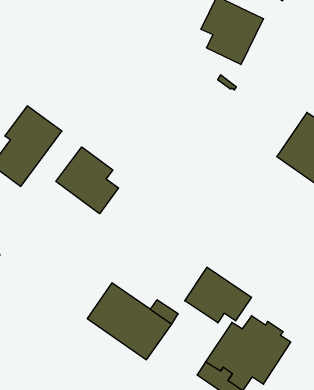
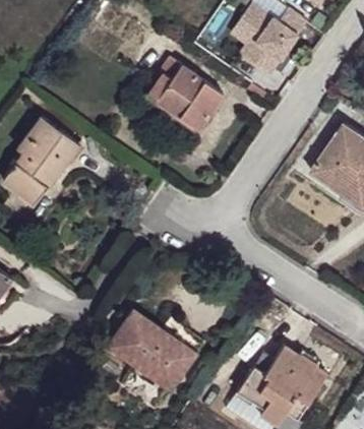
building: none -> [146,58,224,131]
building: [56,147,119,214] -> none
building: [185,267,251,323] -> none

